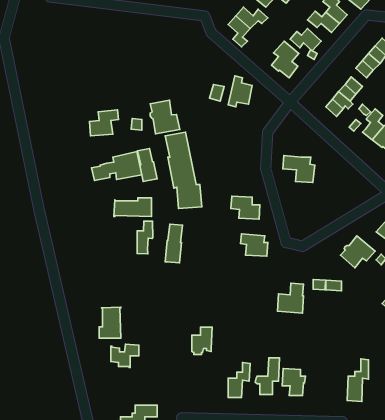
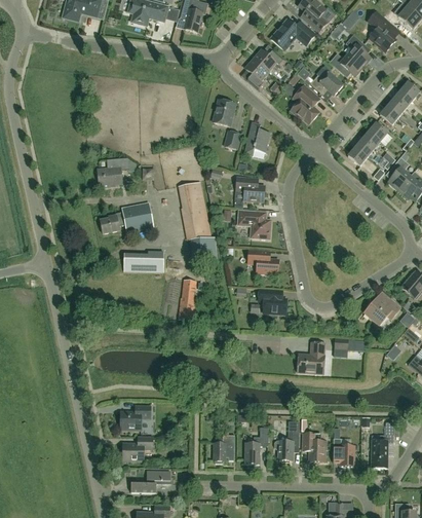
building: none -> [213,100,235,126]
building: [150,100,180,134] -> none
building: none -> [235,177,265,201]
building: [137,149,157,181] -> none
building: [283,155,315,183] -> [237,210,271,238]
building: [137,221,153,254] -> none
building: [99,307,121,338] -> none
building: [192,327,212,354] -> [213,435,234,464]
building: none -> [122,437,152,461]
building: none -> [333,438,353,466]

